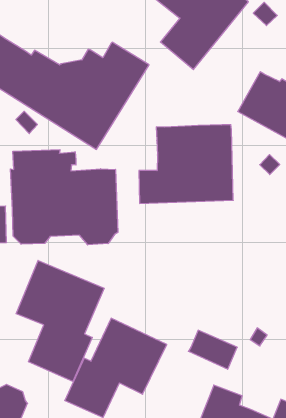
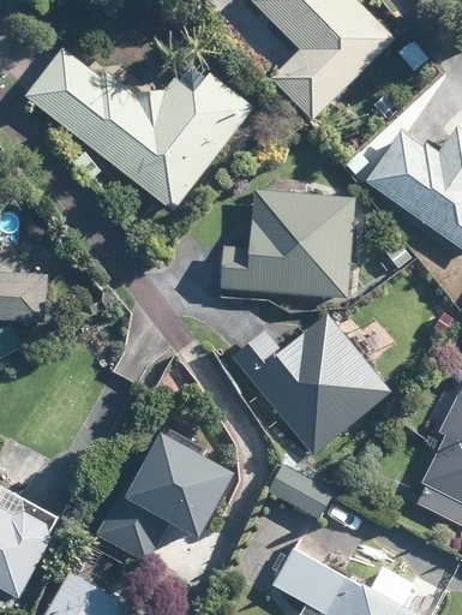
building: [11,150,118,245] -> none
building: none -> [230,314,390,455]
building: [16,260,104,382] -> none

